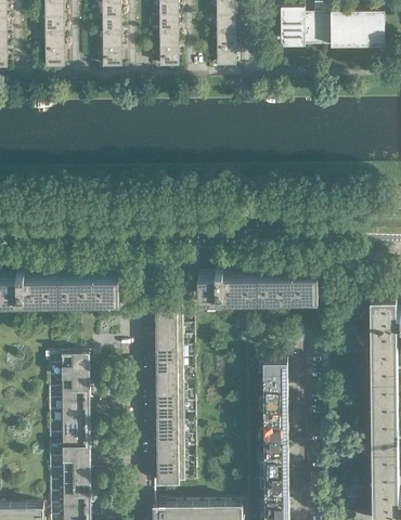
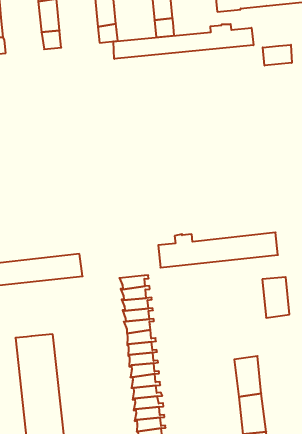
building: none -> [114,24,253,59]
building: none -> [263,45,292,66]
building: [264,361,288,400] -> [262,277,289,318]

